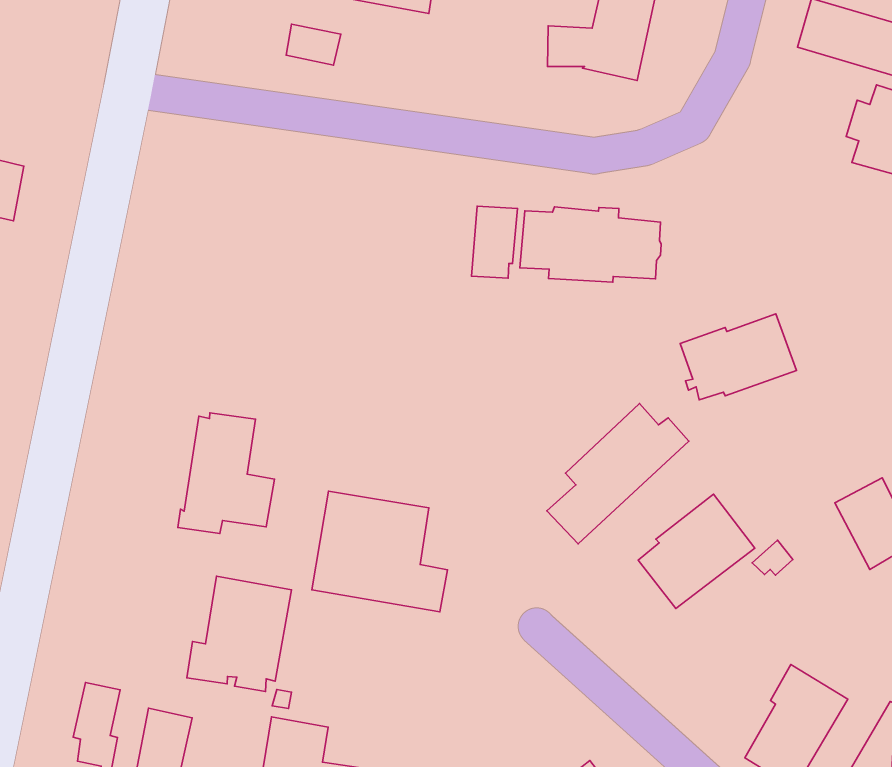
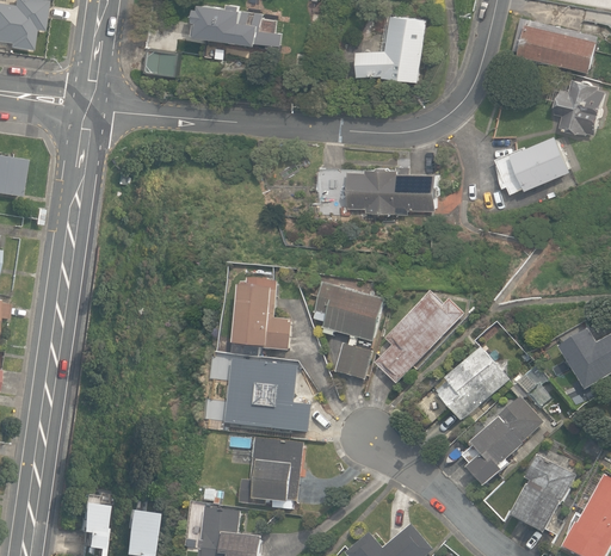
building: [286,24,341,65] -> [143,50,178,75]
building: [680,314,797,400] -> [494,135,570,193]
building: none -> [313,283,383,379]
building: [178,413,274,533] -> [229,279,290,357]
building: none -> [465,397,543,487]
building: [187,576,291,692] -> [239,437,303,509]

